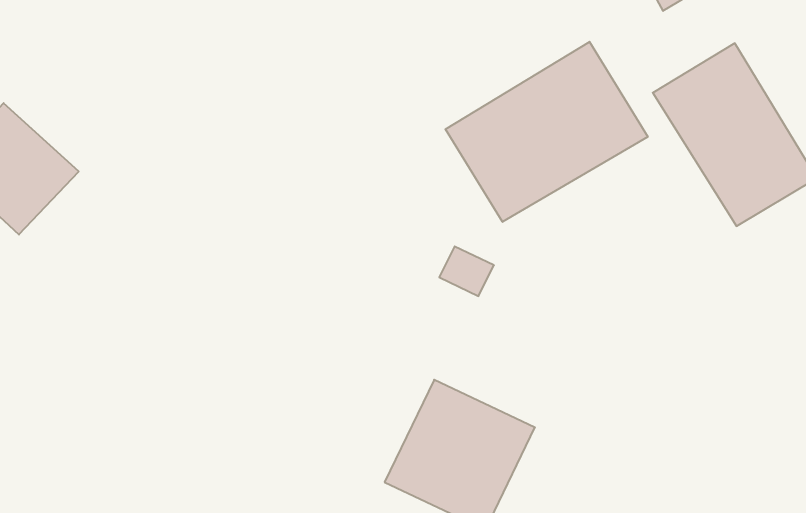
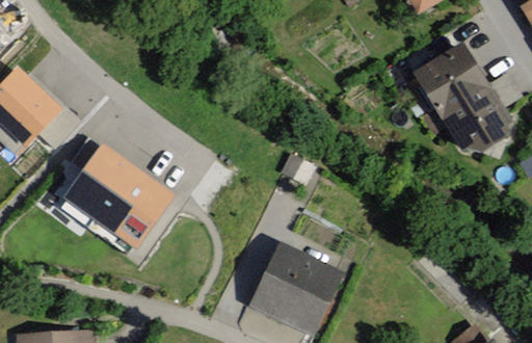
building: [445,42,648,222] -> none
building: none -> [62,148,175,254]

